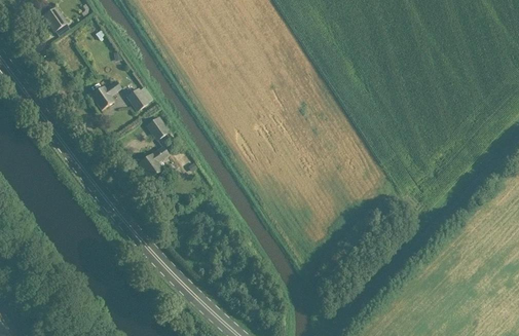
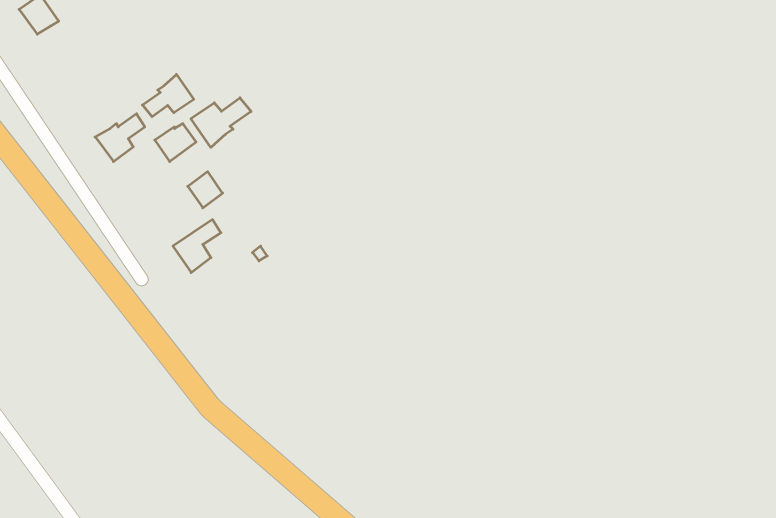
building: none -> [142,74,194,117]
building: none -> [191,98,251,147]

